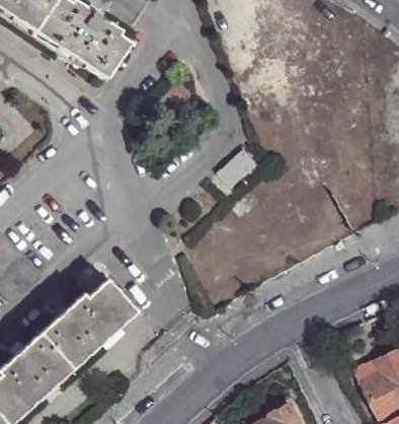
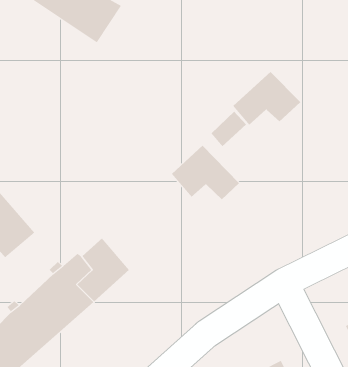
building: none -> [233,71,301,125]
building: none -> [171,145,240,200]

